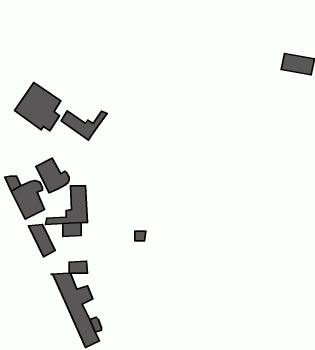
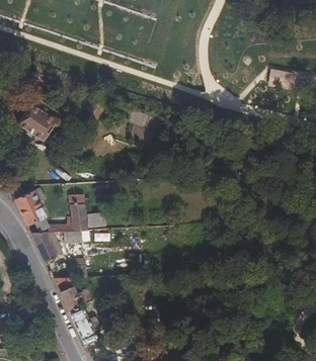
building: [61,111,107,140] -> none
building: [36,158,69,193] -> none

